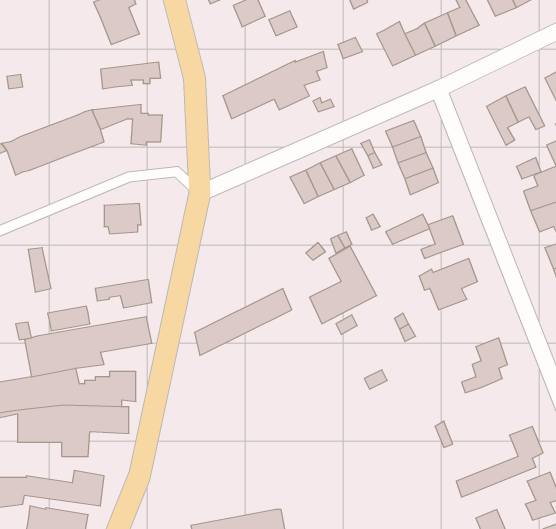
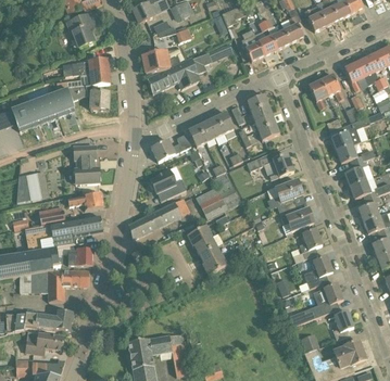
building: none -> [142,50,171,74]
building: none -> [66,68,110,88]
building: none -> [151,134,192,162]
building: none -> [75,163,100,183]
building: none -> [150,168,186,198]
building: none -> [279,204,314,232]
building: none -> [187,225,228,275]
building: none -> [304,255,332,288]

